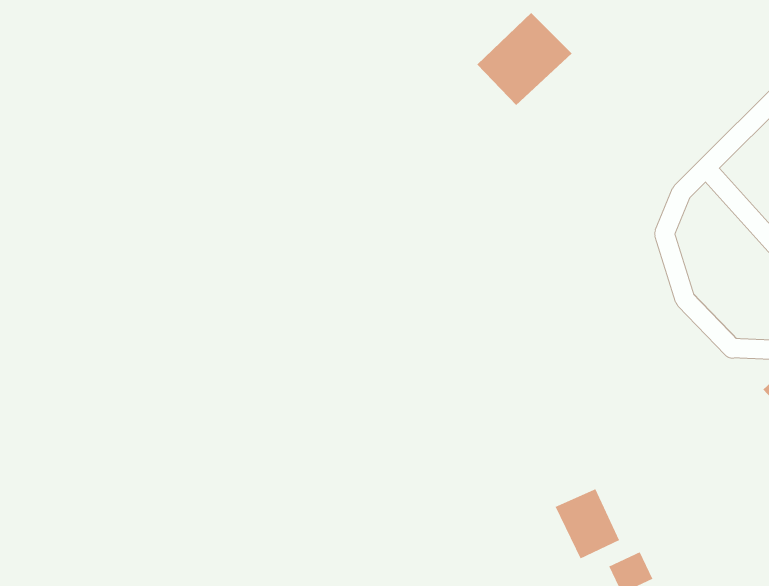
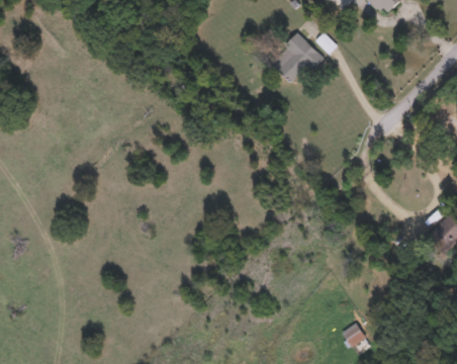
building: [554,488,620,559] -> none

